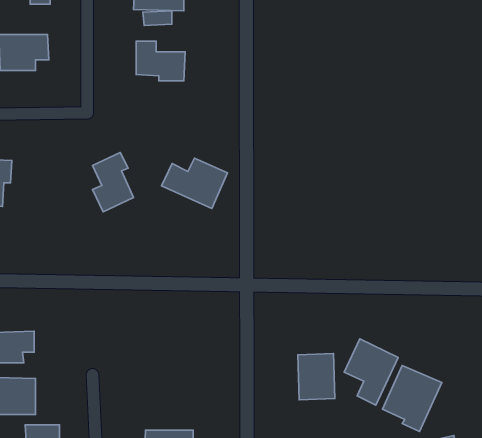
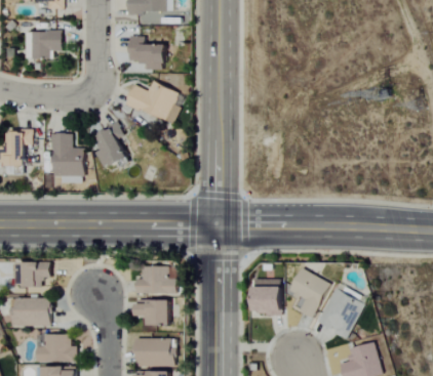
building: [161,158,228,208] -> [125,82,176,121]
building: none -> [50,133,83,176]
building: none -> [136,265,175,294]
building: none -> [136,299,170,325]

